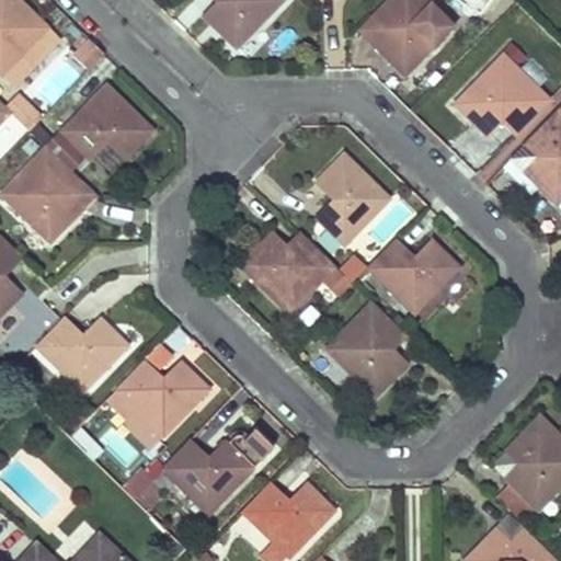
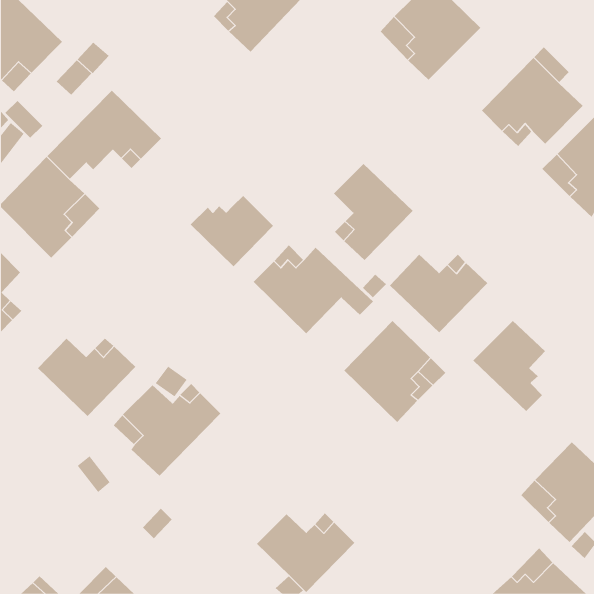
building: none -> [190,195,274,267]
building: none -> [473,320,546,412]
building: [162,430,273,514] -> none

